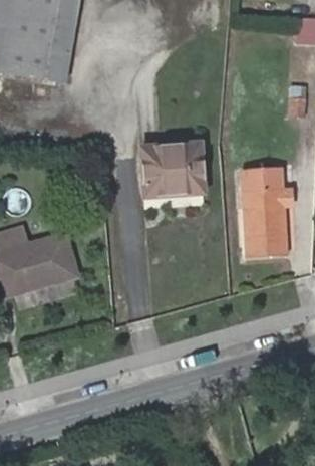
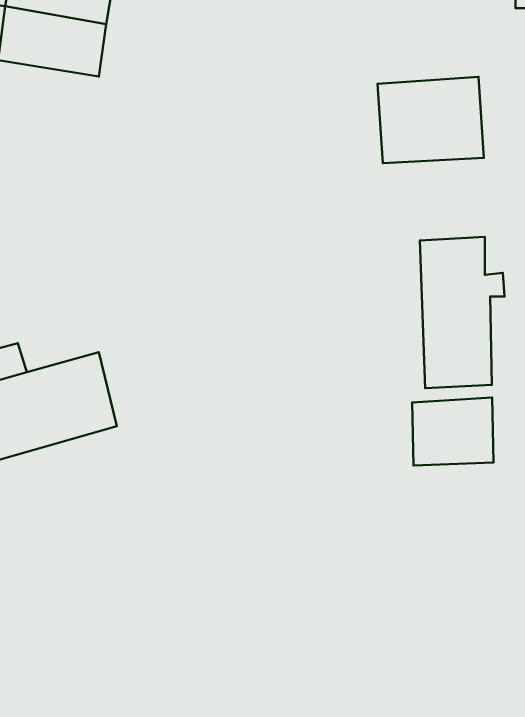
building: [141,145,201,193] -> [378,77,484,163]
building: none -> [412,398,493,465]

